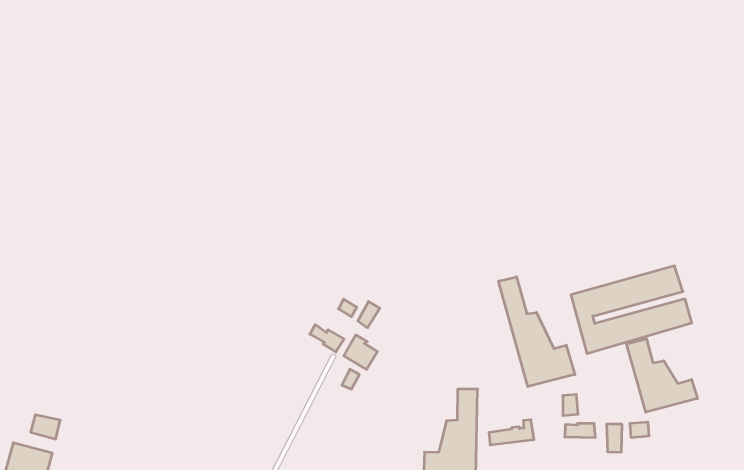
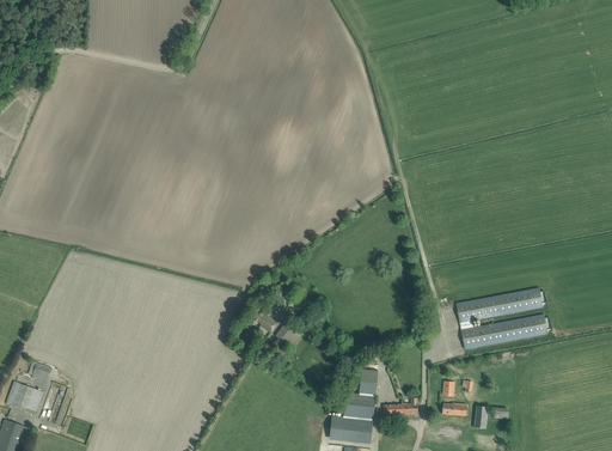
building: [499,277,575,387] -> none
building: [627,339,697,412] -> none

